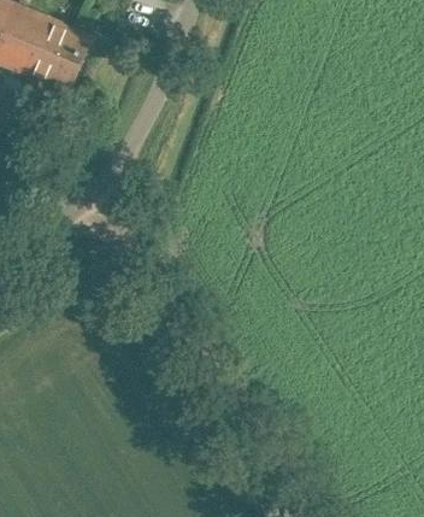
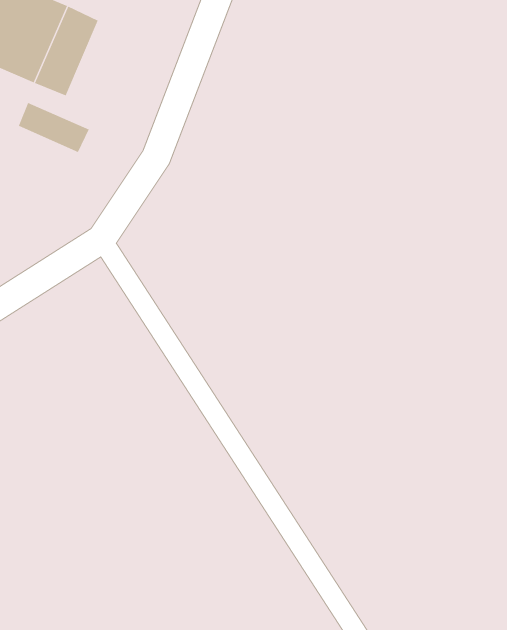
building: none -> [18,102,90,153]

